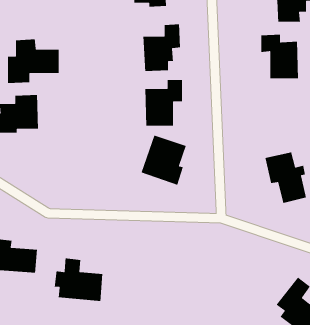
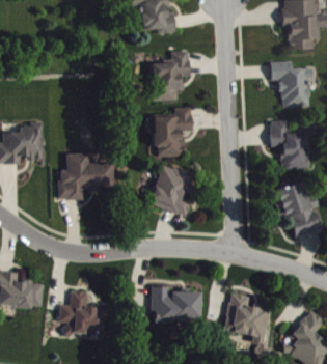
building: [7,39,60,84] -> [59,152,113,199]
building: none -> [271,121,309,168]
building: none -> [152,285,200,323]
building: none -> [226,293,269,344]

